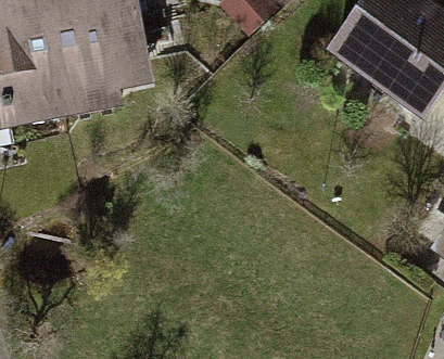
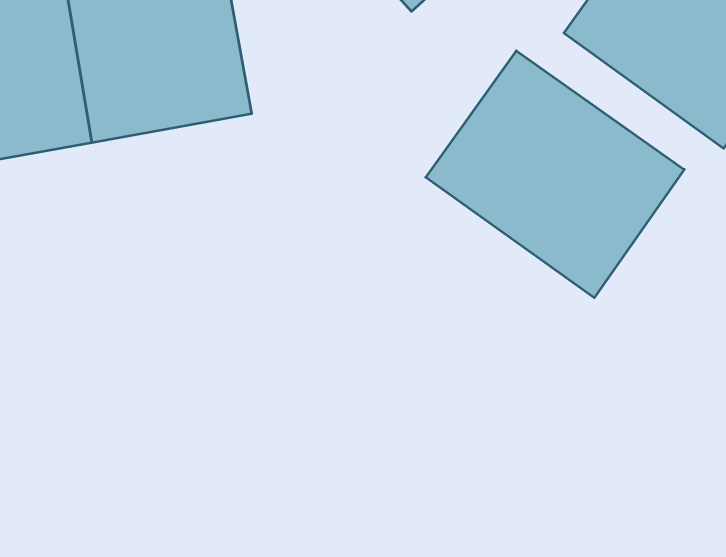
building: none -> [426,51,684,298]

